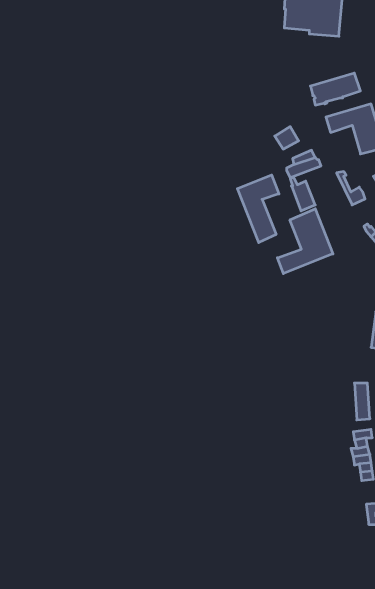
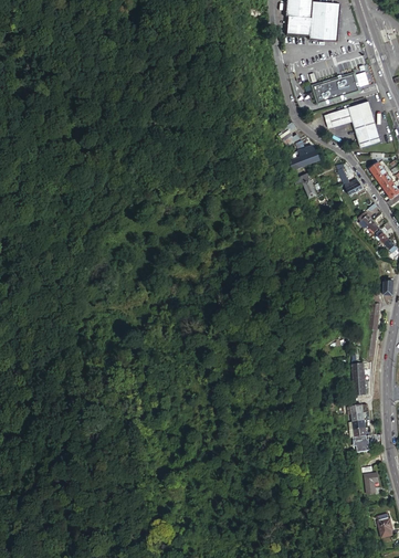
building: [237,175,279,243] -> none
building: [277,209,333,274] -> none

